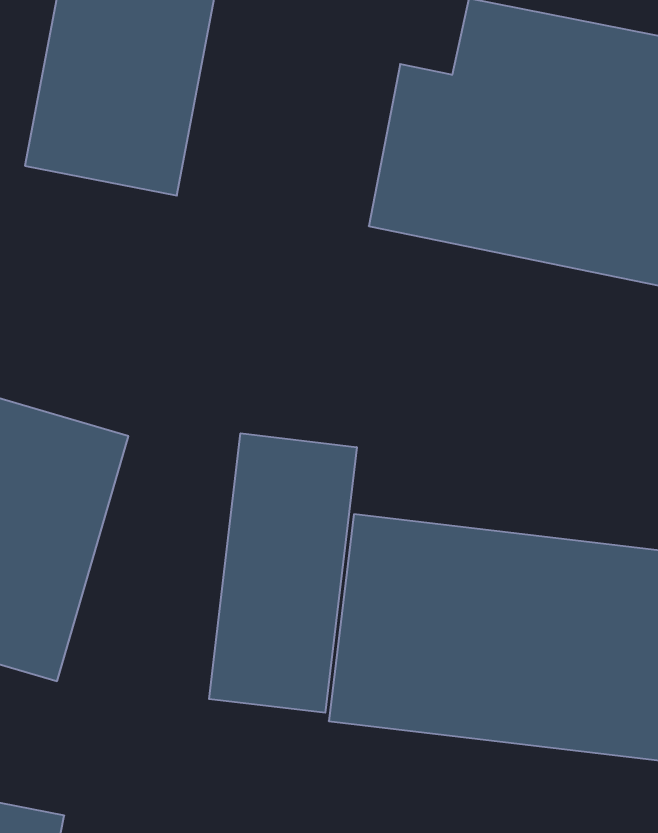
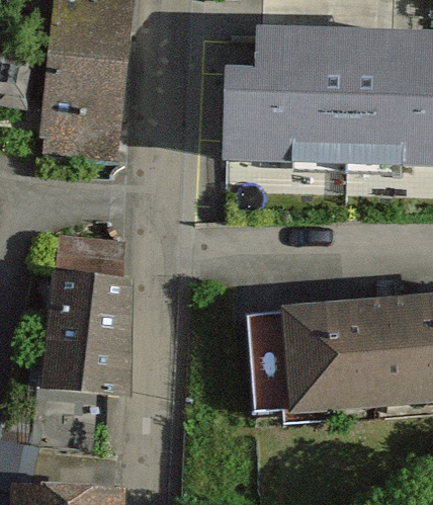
building: [209,433,357,713] -> none

